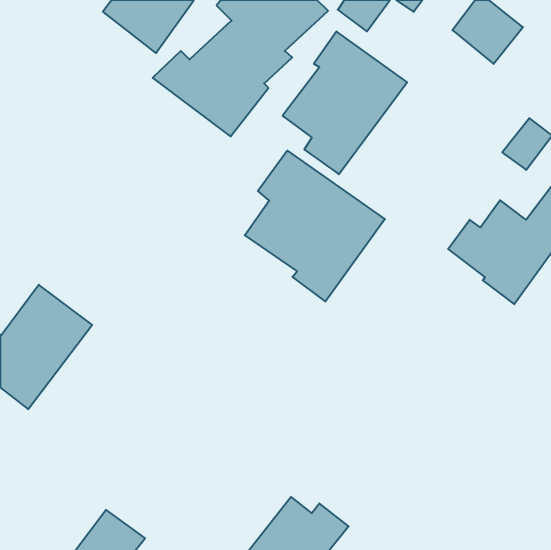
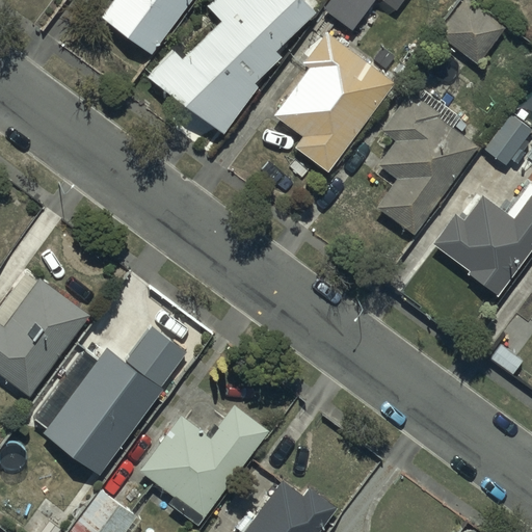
building: none -> [375,89,478,234]
building: [245,151,385,302] -> none
building: none -> [43,325,188,473]
building: none -> [140,402,269,524]

